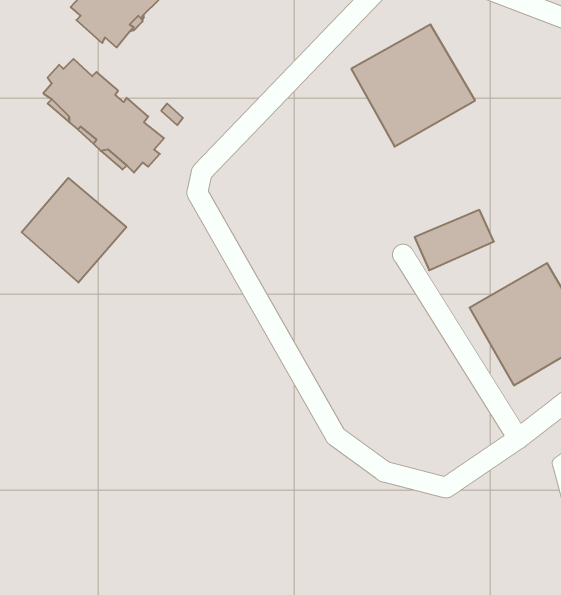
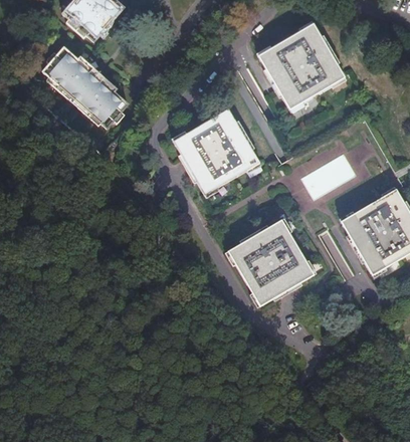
building: none -> [172,108,258,194]
building: [22,178,126,283] -> none
building: none -> [226,219,313,305]

